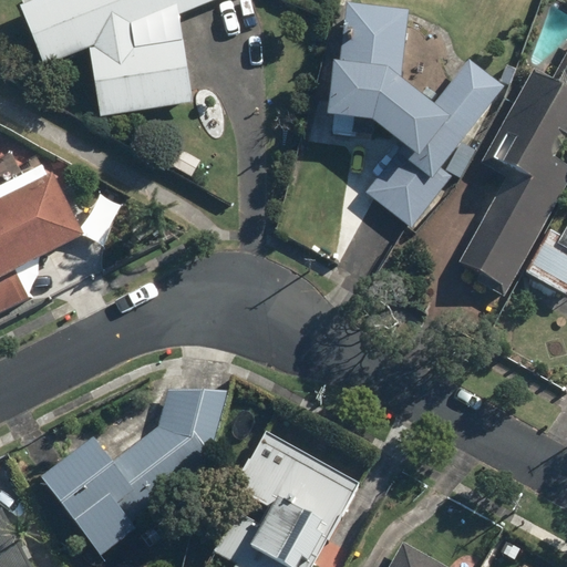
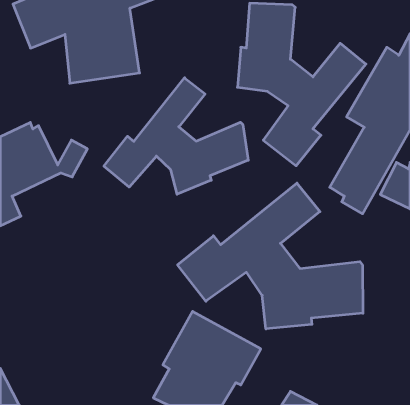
building: none -> [104,78,248,194]
building: none -> [178,183,363,329]
building: [41,389,229,556] -> none

